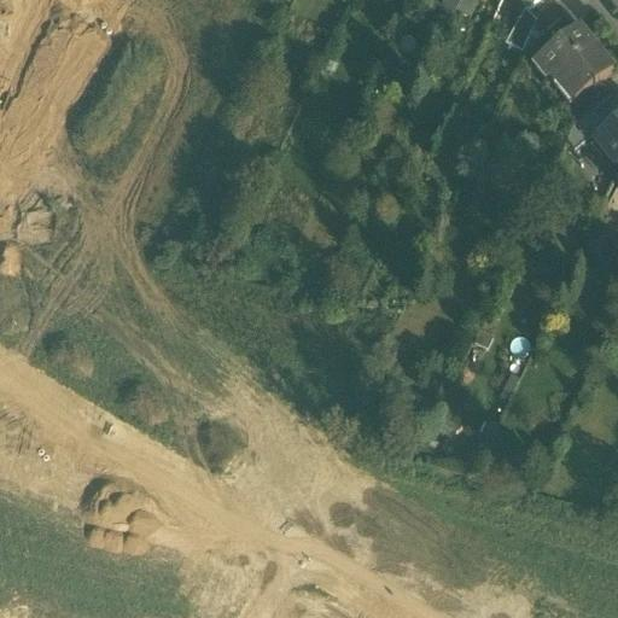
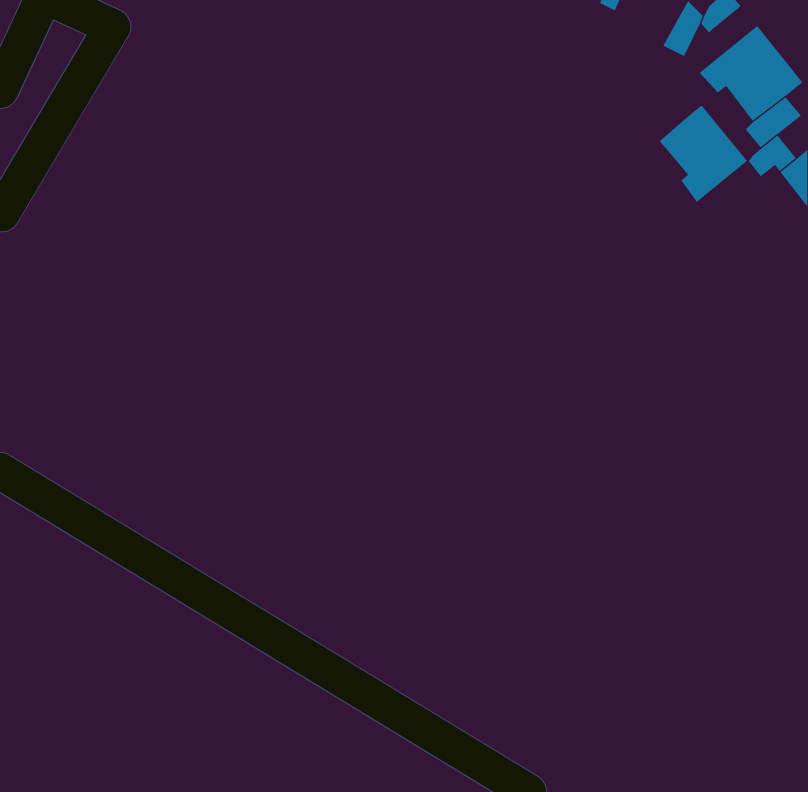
building: none -> [659,105,748,203]

